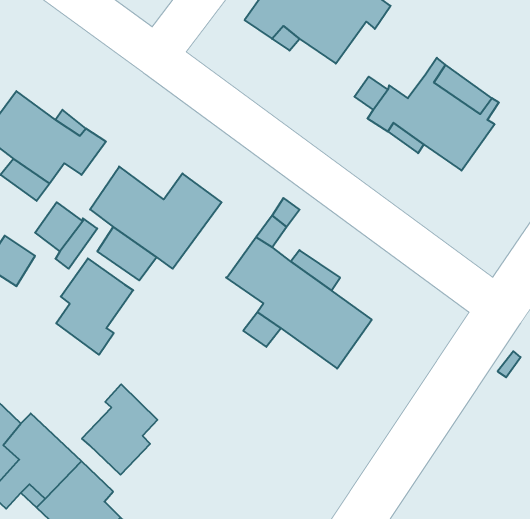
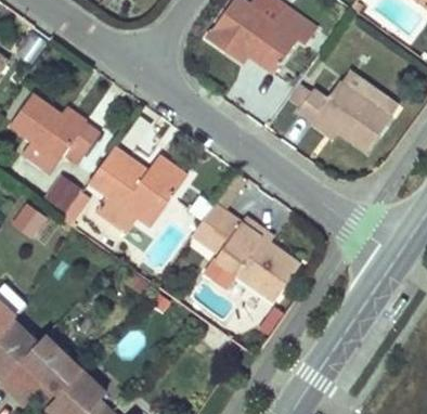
building: [56,258,133,355] -> none
building: [82,384,157,475] -> none

